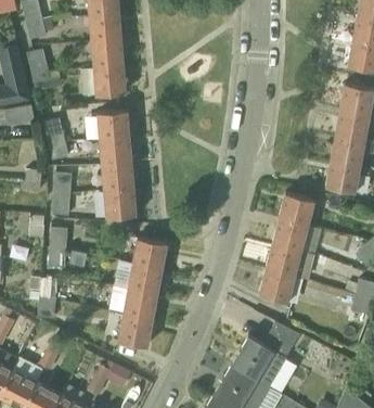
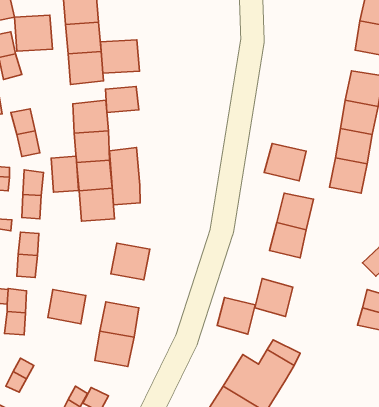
building: none -> [14,15,52,51]
building: none -> [100,40,139,73]
building: none -> [105,87,139,112]
building: none -> [264,143,306,181]
building: none -> [109,148,140,205]
building: none -> [51,156,78,192]
building: [267,243,300,276] -> [217,298,255,334]
building: [128,264,162,294] -> [48,290,86,324]

